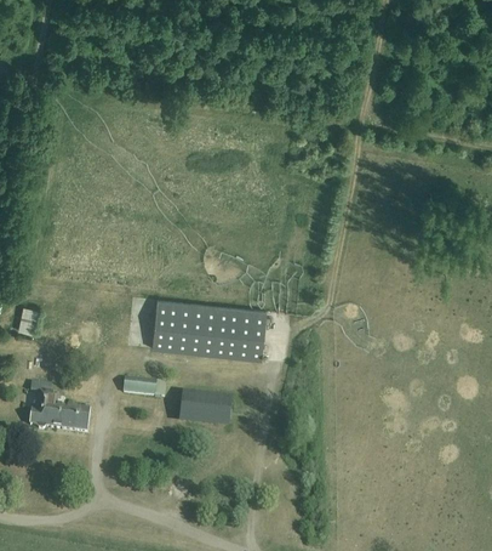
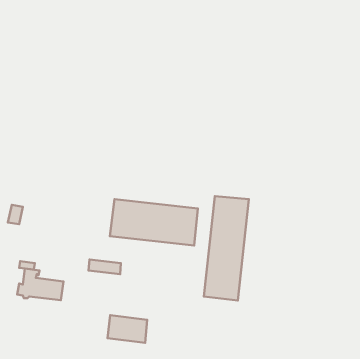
building: none -> [204,196,249,301]
building: [177,393,229,430] -> [107,315,147,343]

